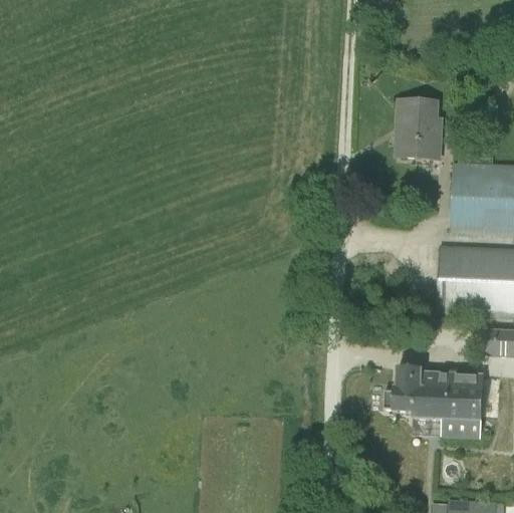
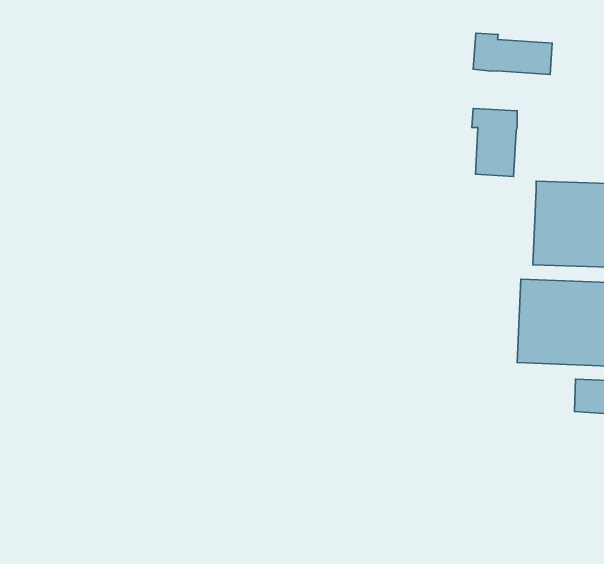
building: none -> [473,33,552,75]
building: [386,369,484,439] -> none

